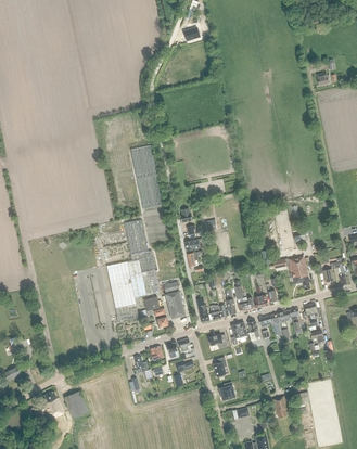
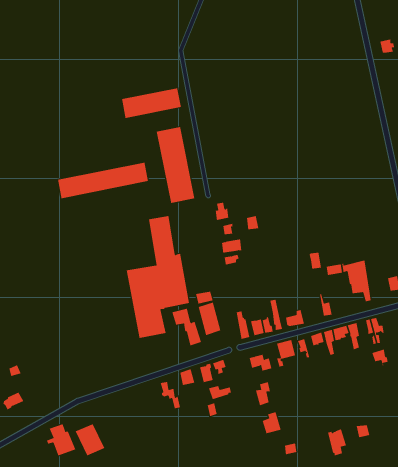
building: none -> [121,87,181,119]
building: none -> [58,162,148,199]

